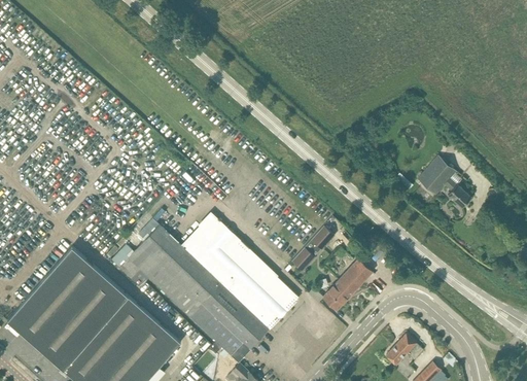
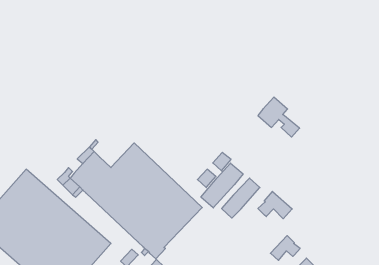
building: [417,157,470,208] -> [258,97,300,137]
building: none -> [201,163,243,208]
building: none -> [258,191,292,219]

